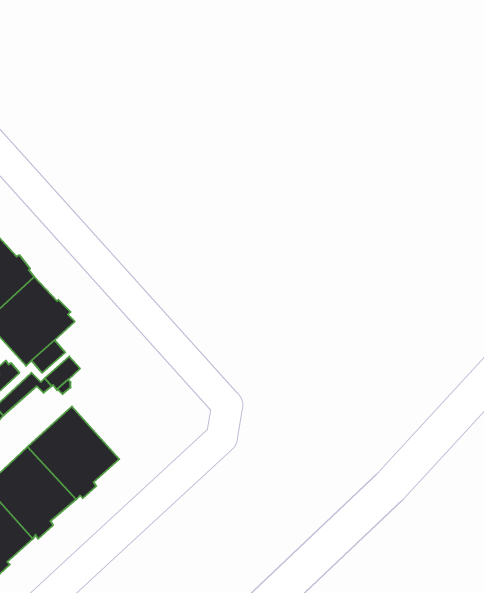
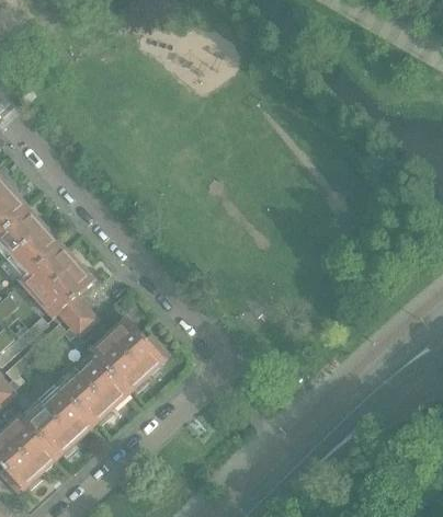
building: none -> [89,318,166,392]

